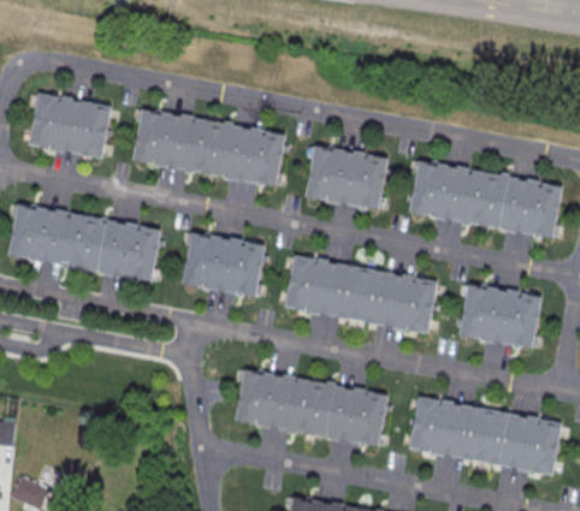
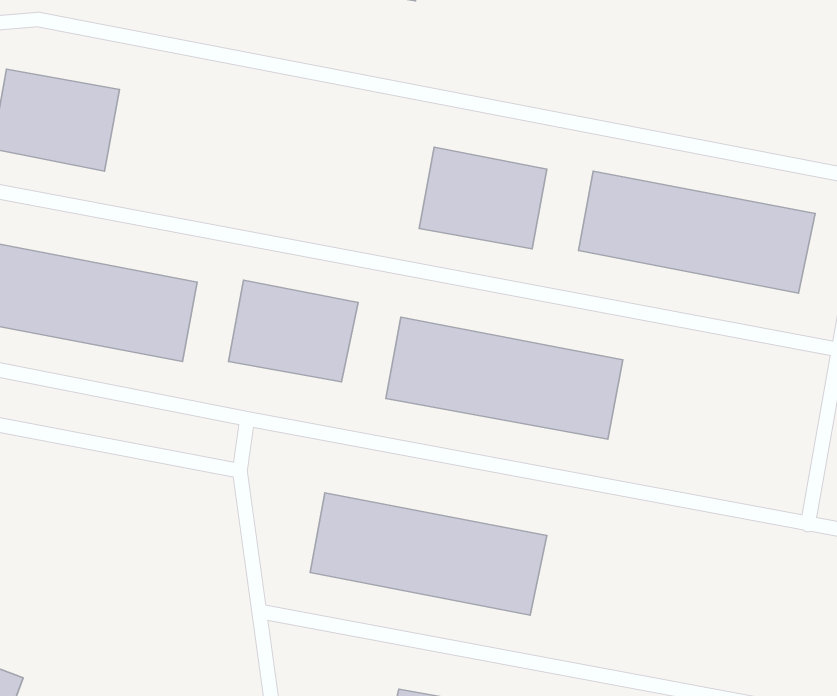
building: [132,108,286,188] -> none
building: [458,281,543,347] -> none
building: [409,396,563,474] -> none

